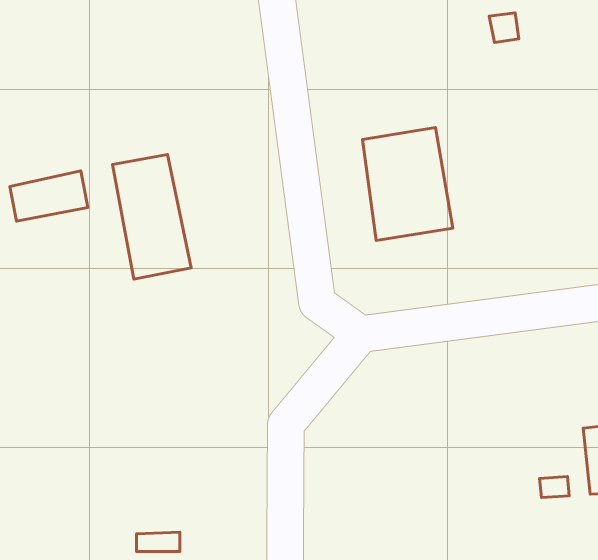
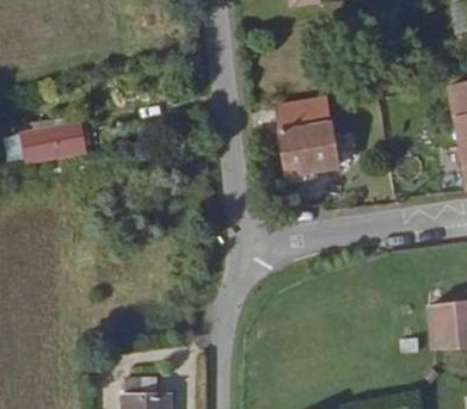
building: [112,154,191,279] -> none

